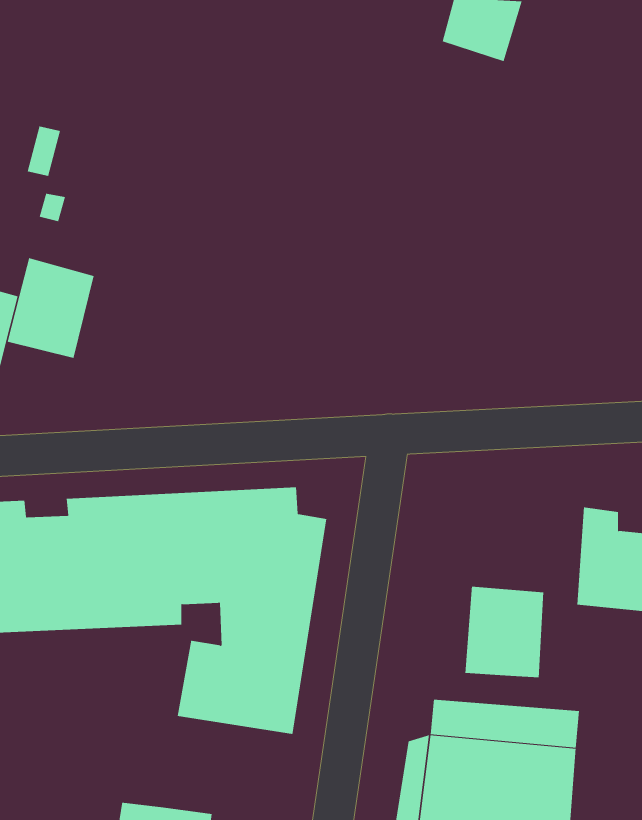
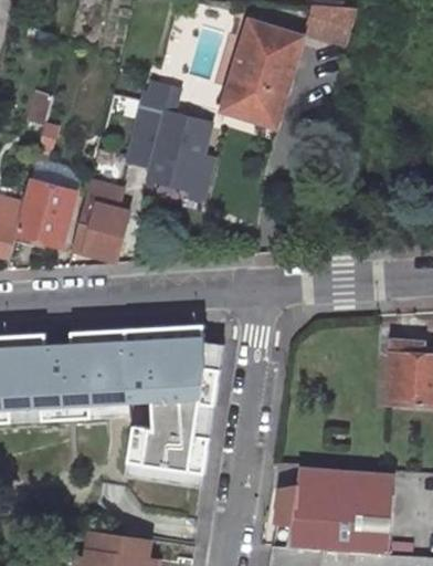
building: none -> [223,22,297,117]
building: none -> [131,82,219,207]
building: none -> [67,195,126,255]
building: [465,586,544,678] -> none

